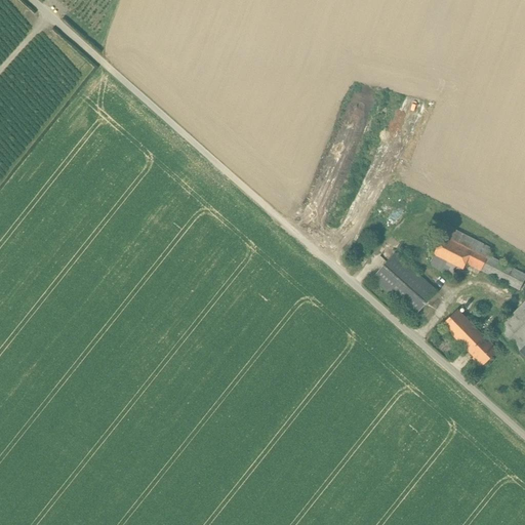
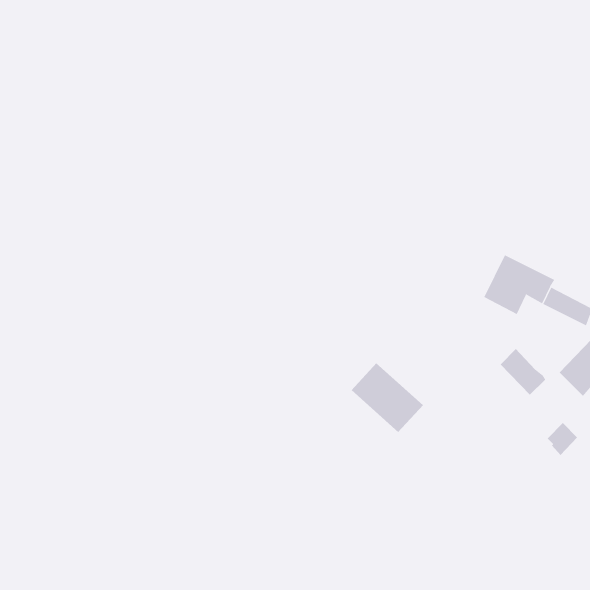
building: [373,252,438,315] -> [351,362,424,433]
building: [471,336,498,366] -> [547,422,578,456]

